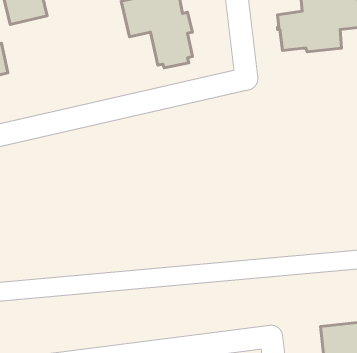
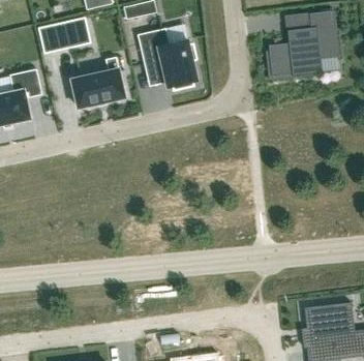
building: none -> [71,58,125,109]

